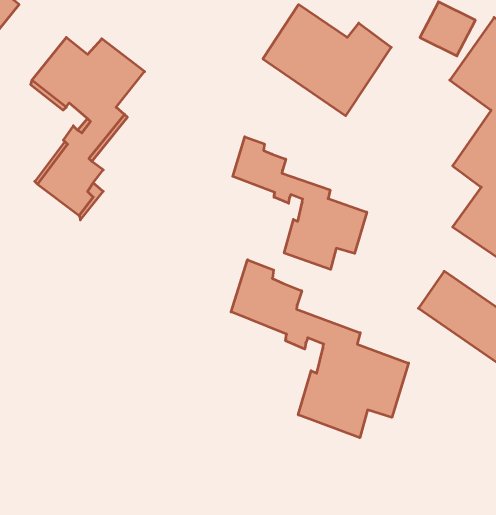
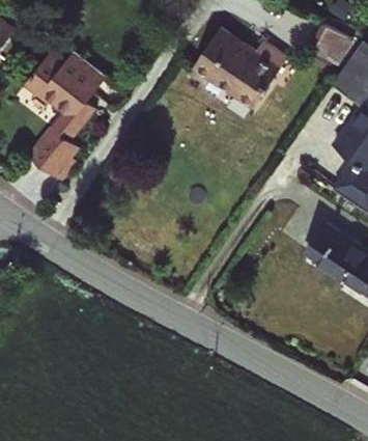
building: [233,137,367,269] -> none
building: [231,260,409,438] -> none

